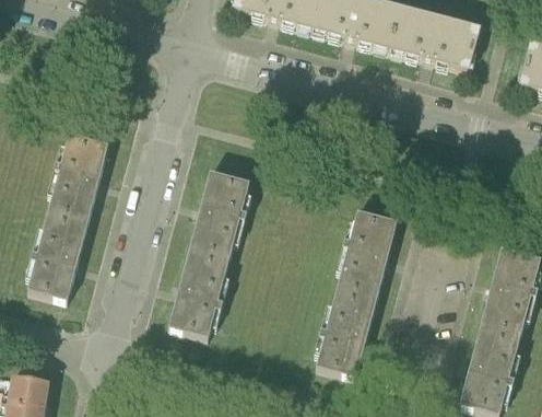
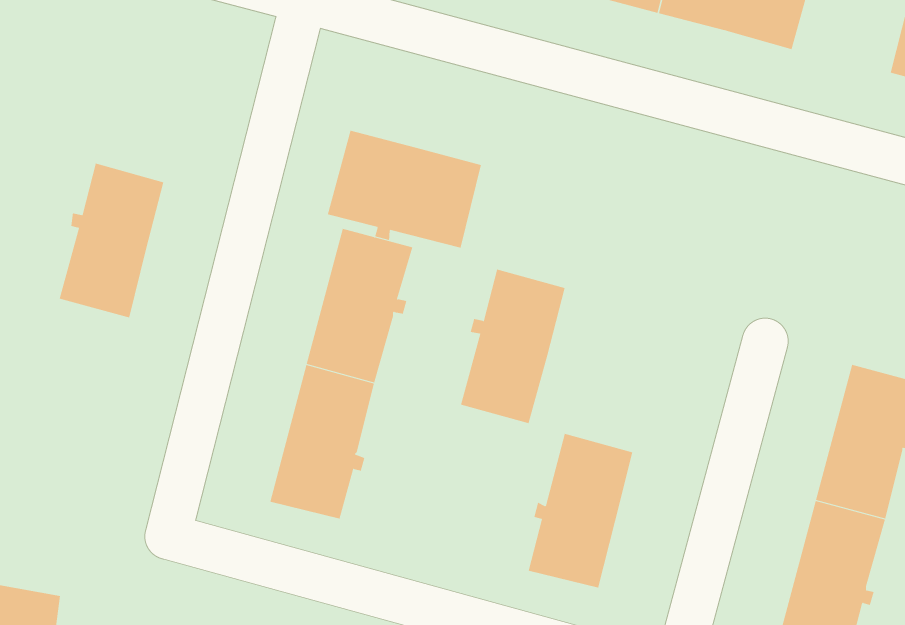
building: none -> [327,130,481,248]
building: [337,209,397,298] -> [460,269,566,424]
building: [27,210,89,299] -> none

